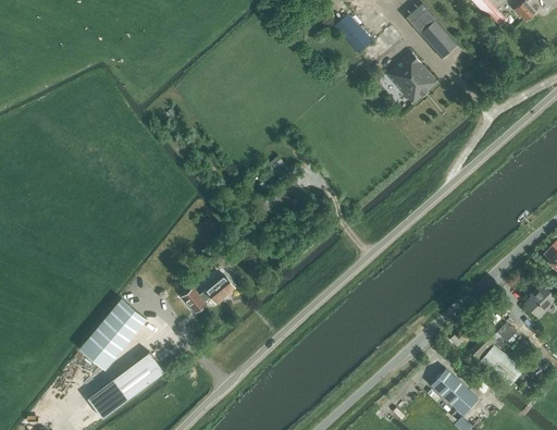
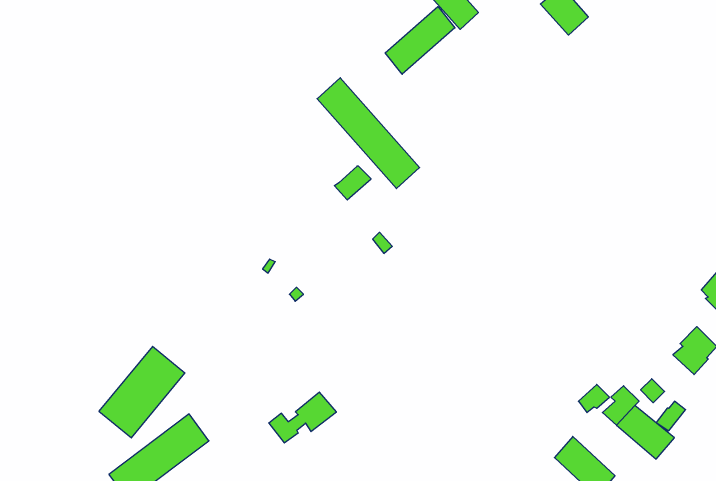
building: none -> [385,7,455,74]
building: [386,52,437,103] -> none
building: none -> [317,78,420,189]
building: [183,273,235,312] -> [269,392,336,443]

